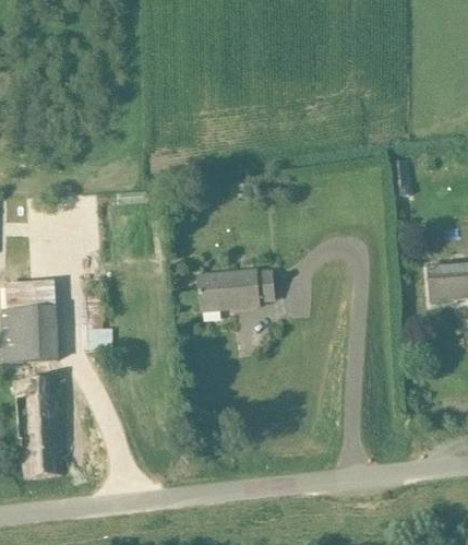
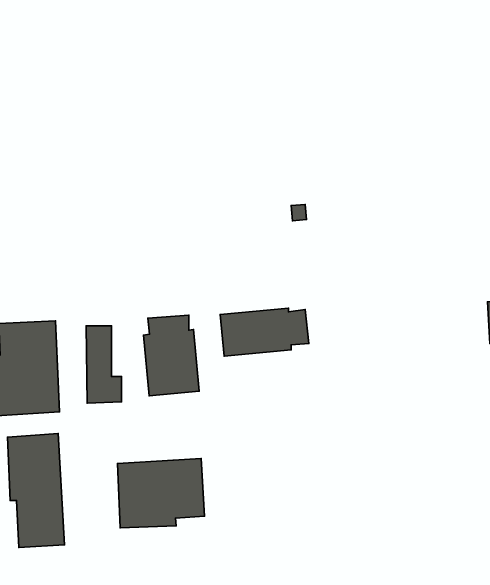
building: none -> [144,315,199,396]
building: none -> [118,458,204,528]

